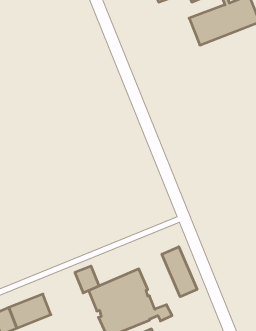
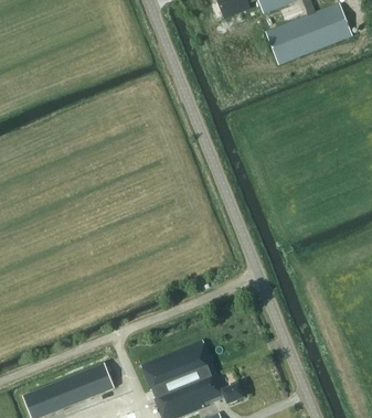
building: [162,247,197,297] -> none
building: [75,266,99,293] -> [85,362,115,395]

